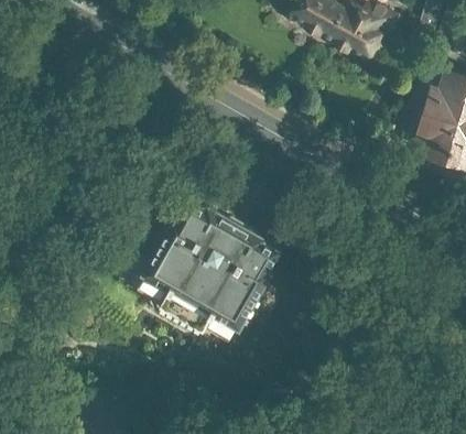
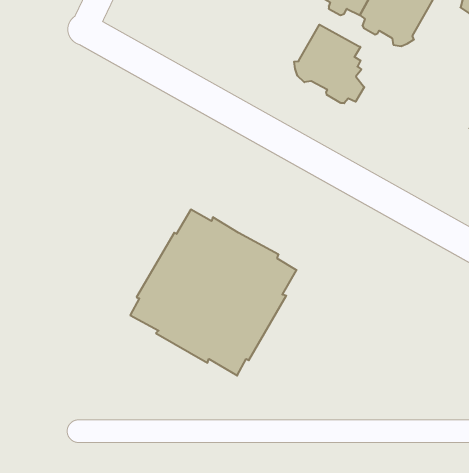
building: none -> [294,25,364,103]

